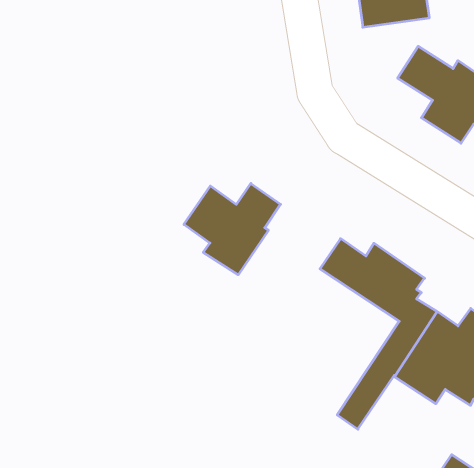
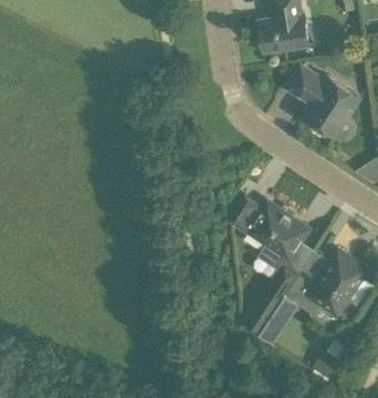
building: [184,183,281,275] -> none

